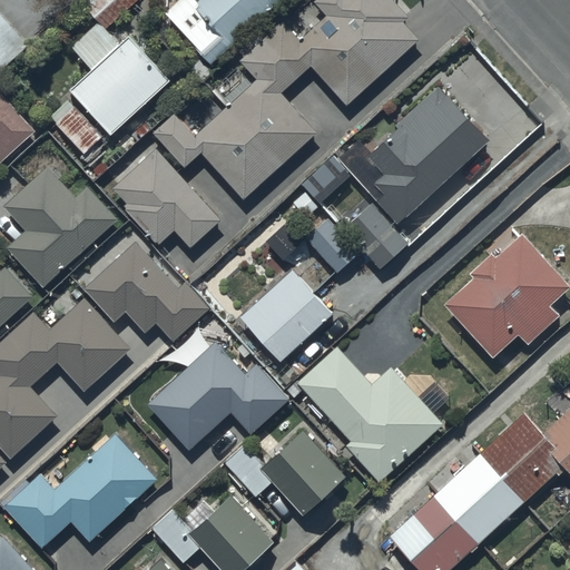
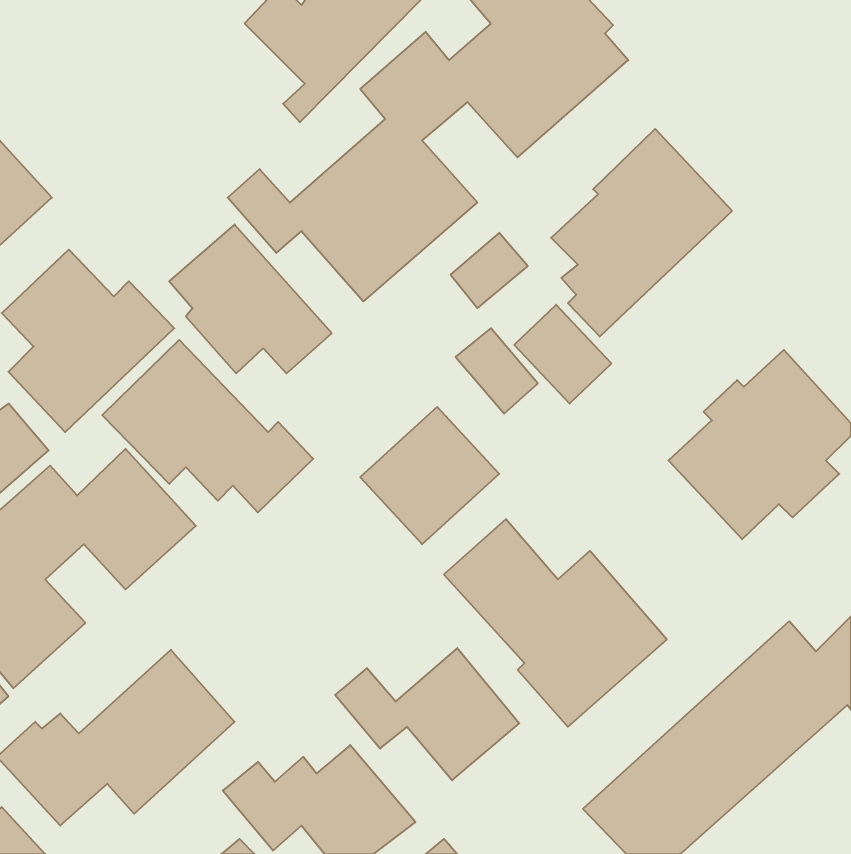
building: [49,12,169,154] -> none
building: [145,341,289,451] -> none

